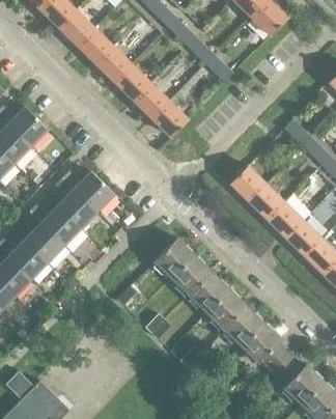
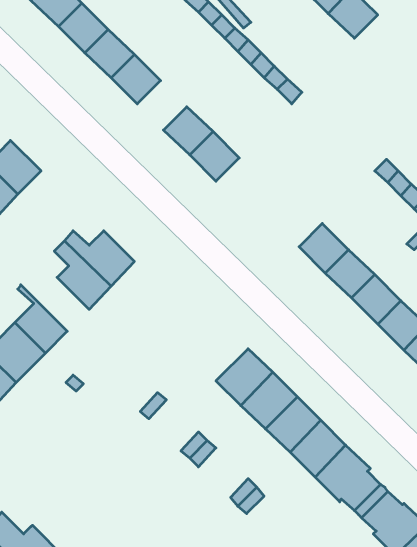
building: [115,64,150,100] -> none
building: [32,202,81,243] -> none
building: [153,239,194,278] -> none

